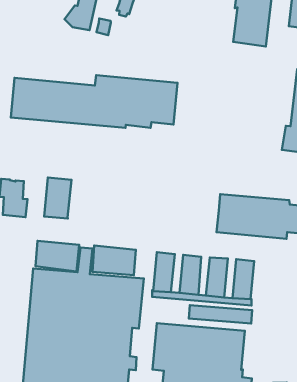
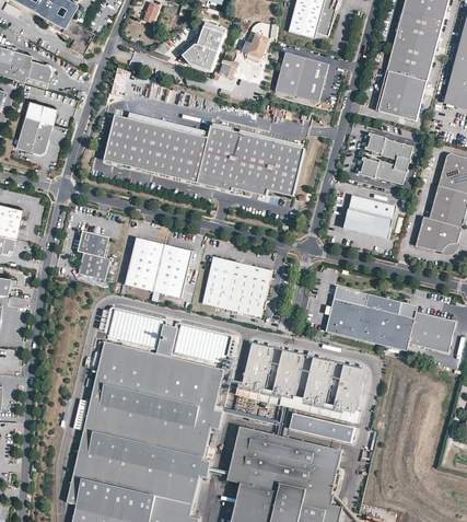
building: none -> [275,51,328,102]
building: none -> [358,132,412,184]
building: none -> [342,194,396,239]
building: none -> [153,243,191,295]
building: none -> [202,256,272,316]

